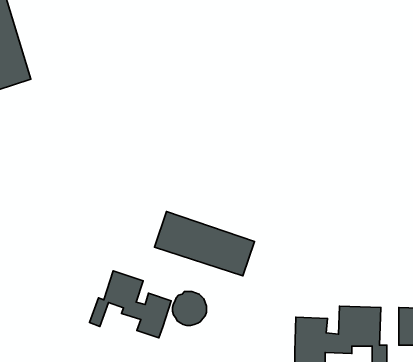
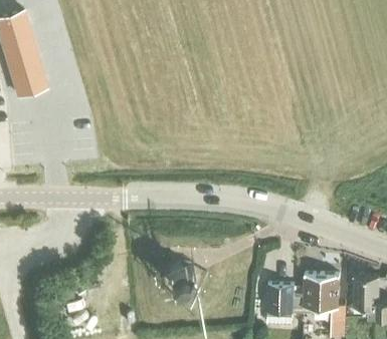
building: [155,212,254,276] -> none
building: [90,271,171,338] -> none

